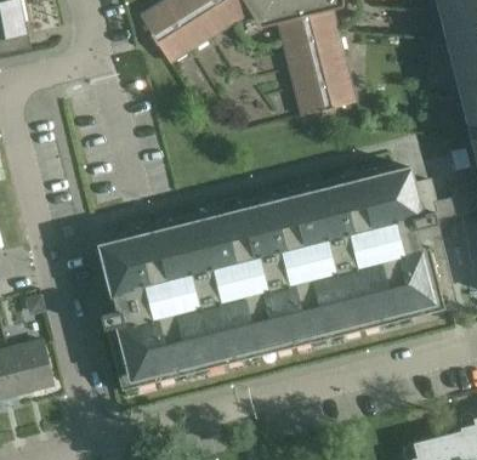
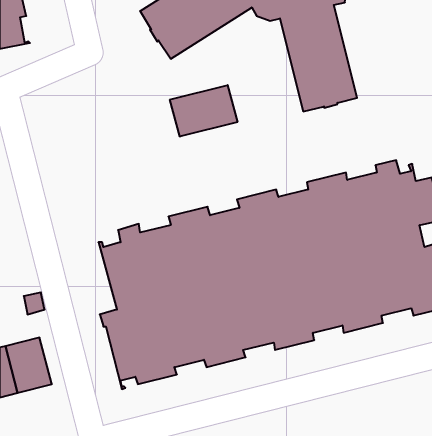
building: none -> [170,85,237,137]

